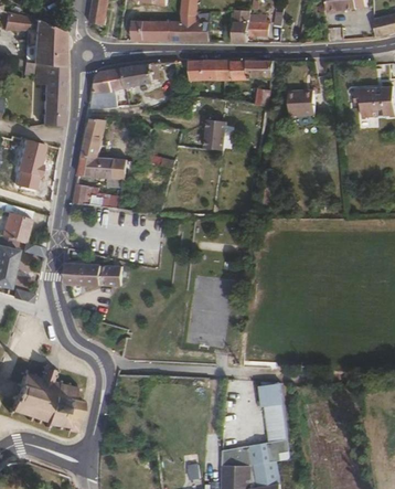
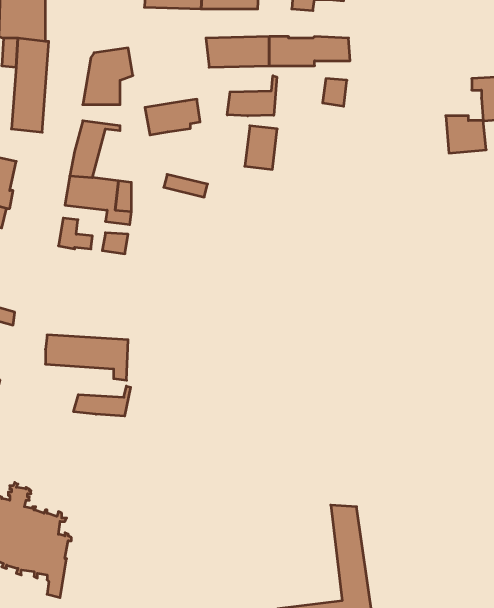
building: [121,62,159,86] -> [145,99,200,135]
building: none -> [227,76,277,116]
building: [288,91,316,116] -> [446,116,486,153]
building: none -> [74,386,131,416]

